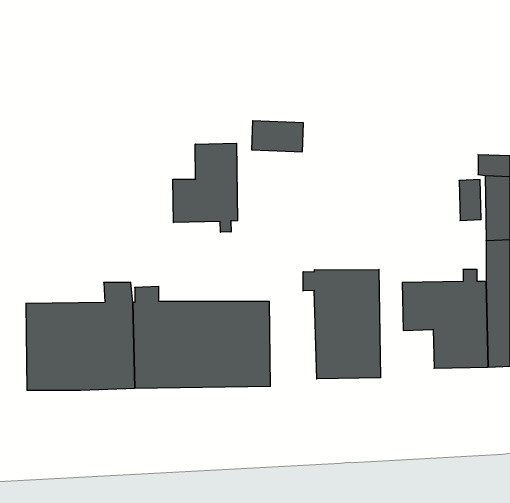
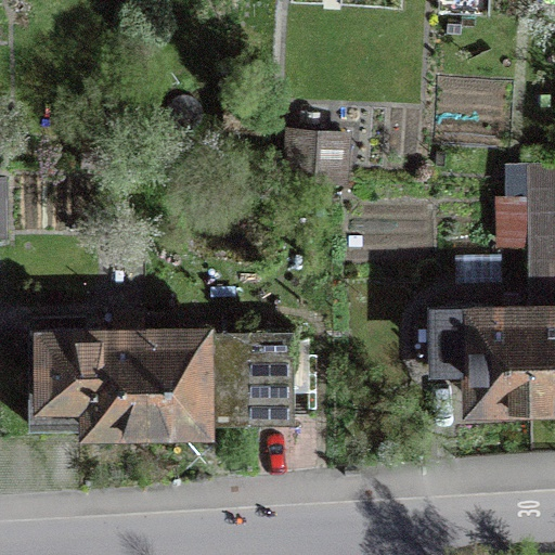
building: [173,143,238,232] -> none
building: [303,269,380,379] -> none

